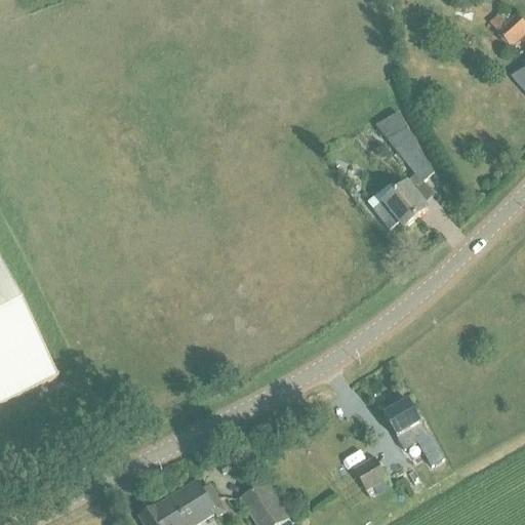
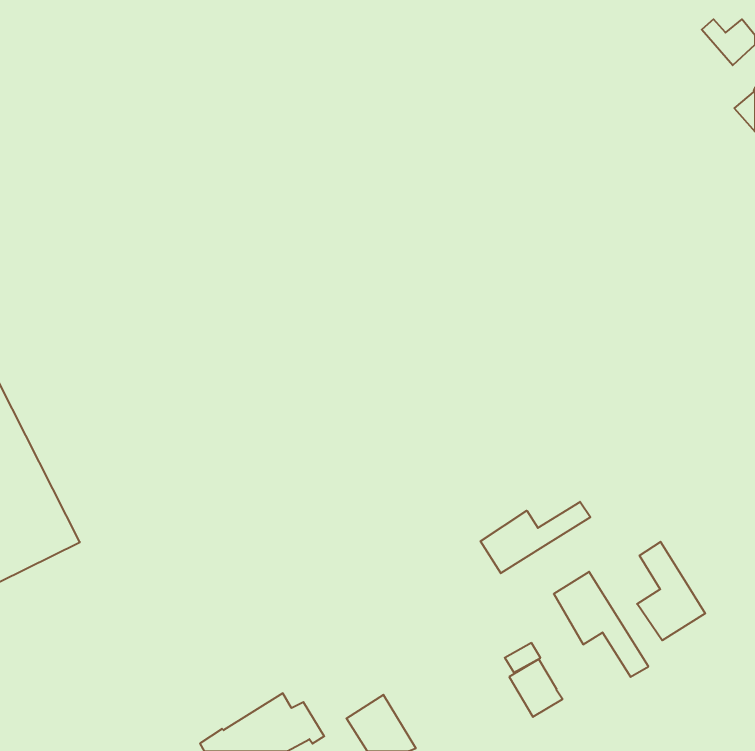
building: [363,112,431,228] -> none
building: none -> [481,502,590,573]
building: none -> [637,542,705,640]

